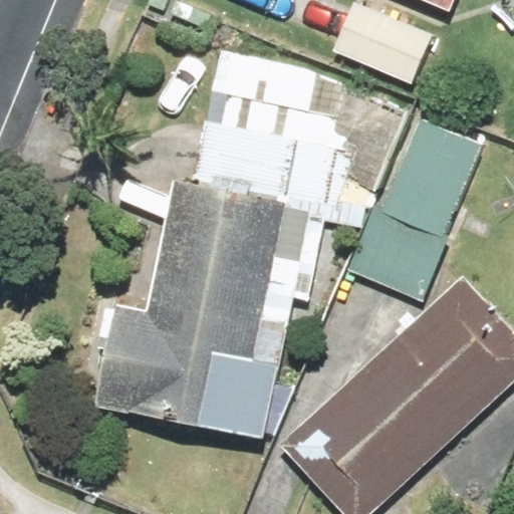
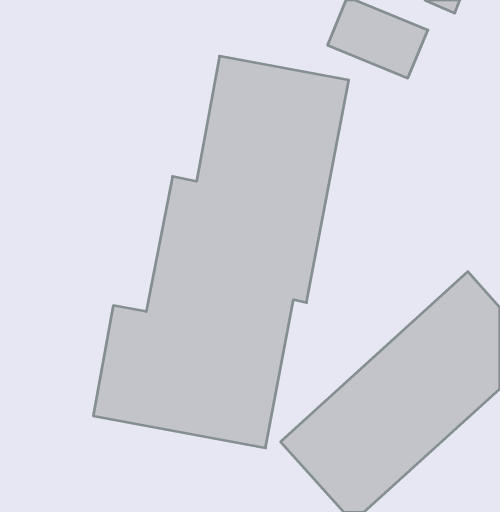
building: [349,116,486,302] -> none

